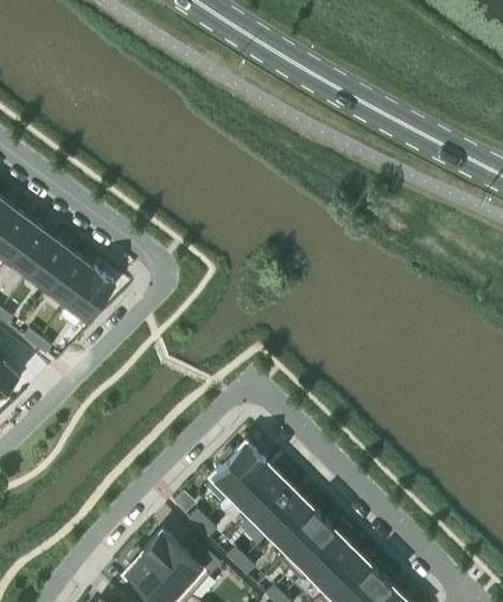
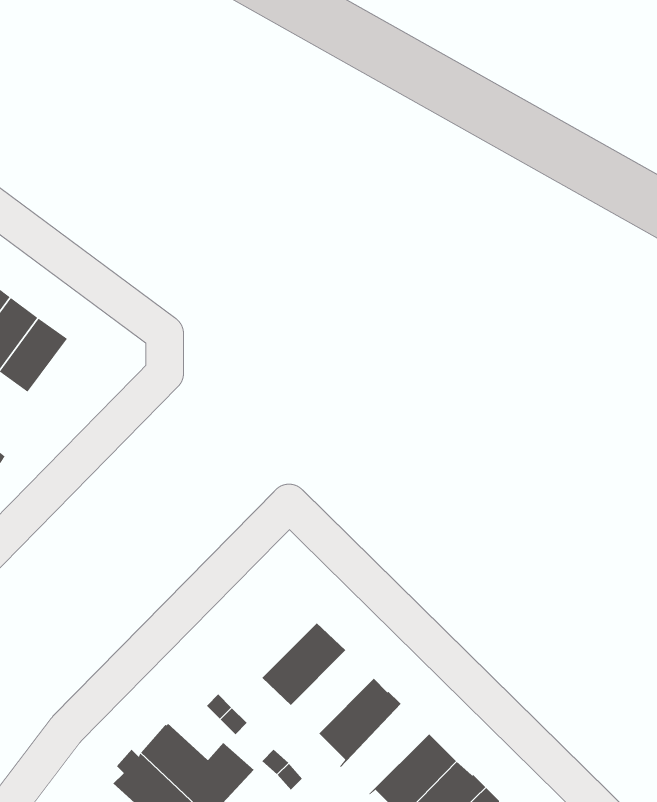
building: [66,268,114,320] -> none
building: [211,442,266,500] -> none
building: [247,481,304,538] -> none
building: [281,518,342,579] -> none

